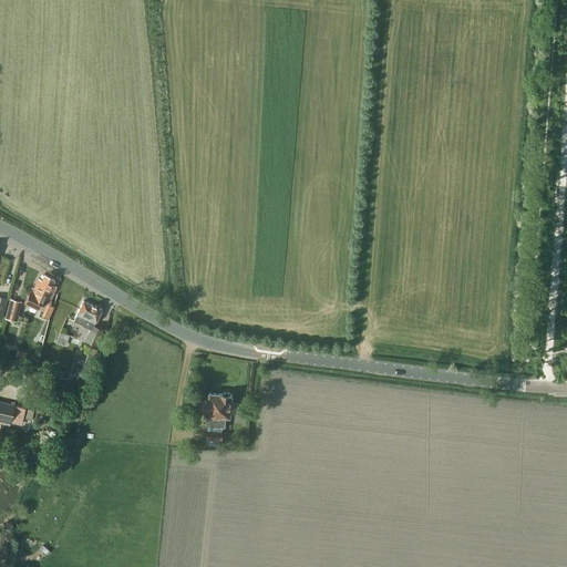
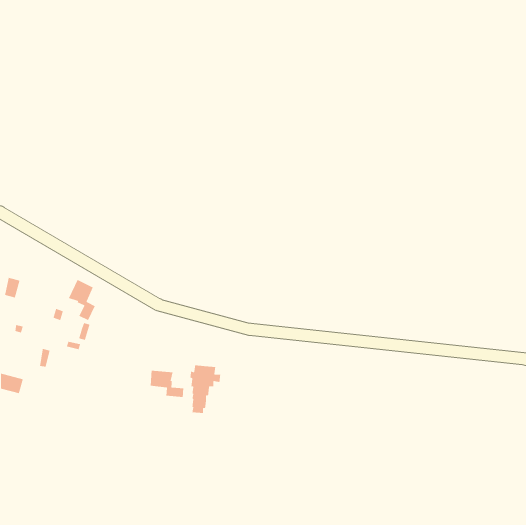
building: [23,275,55,310] -> none
building: none -> [150,370,184,398]

